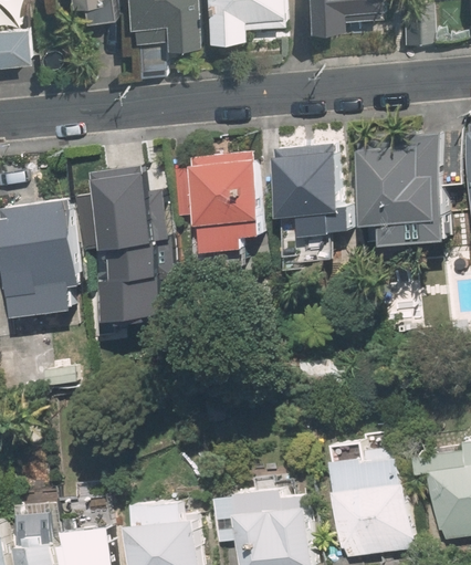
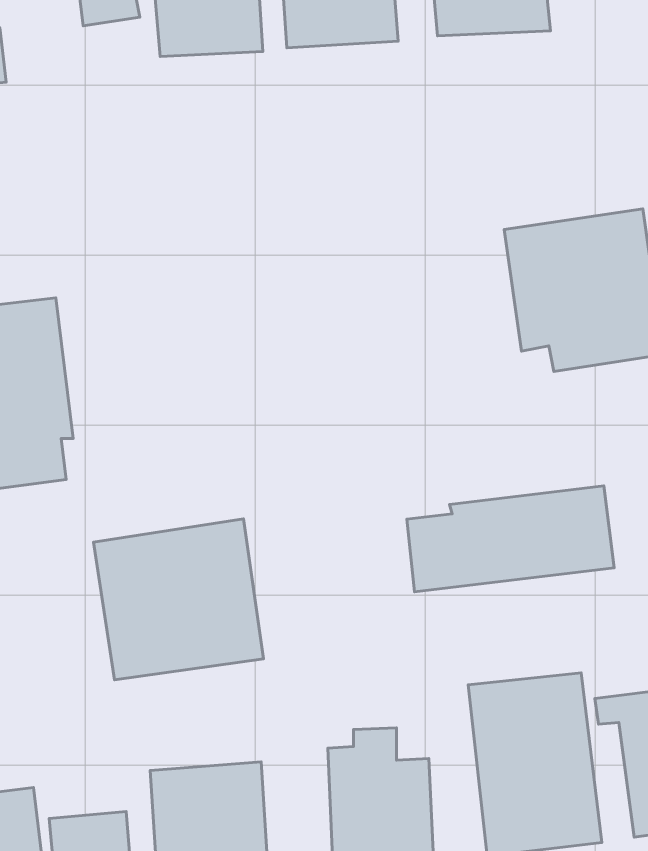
building: [168,147,259,227] -> none
building: [266,147,350,237] -> none
building: [92,165,172,327] -> none
building: none -> [407,486,614,592]
building: none -> [94,519,264,680]

